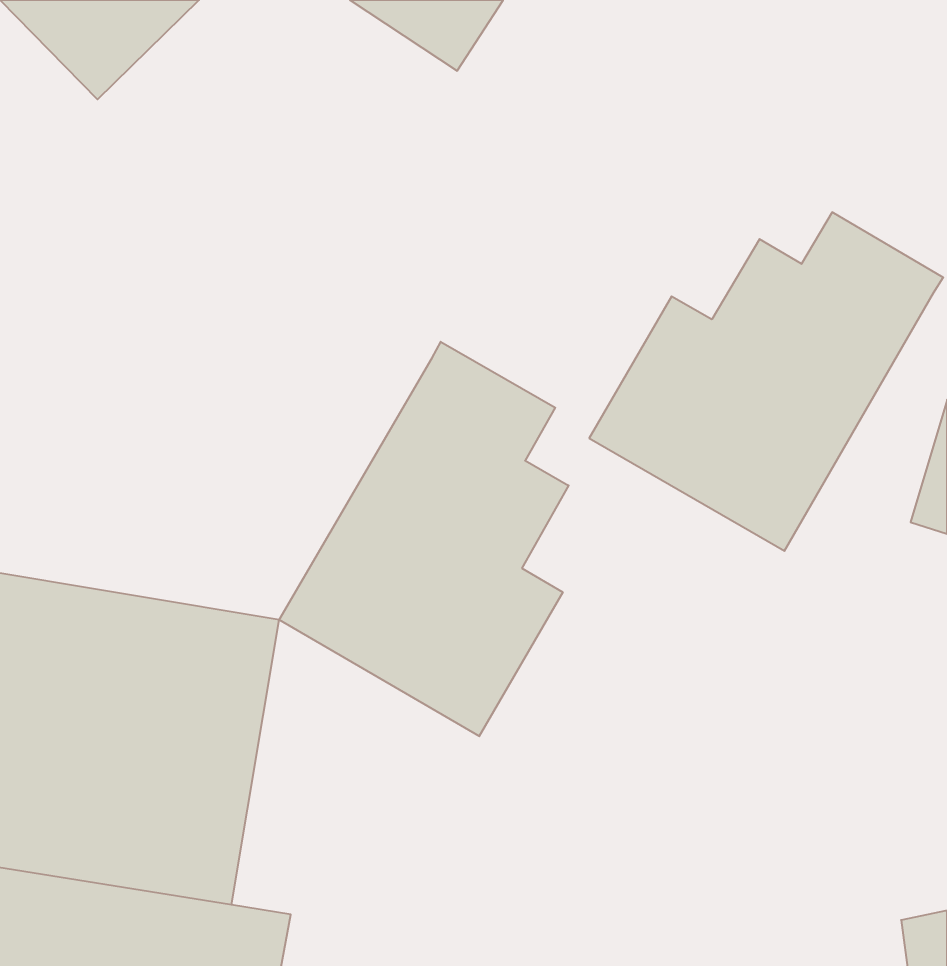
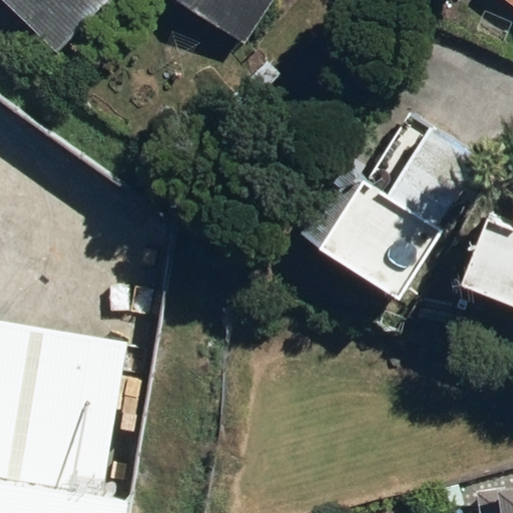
building: [279,342,569,736] -> none

